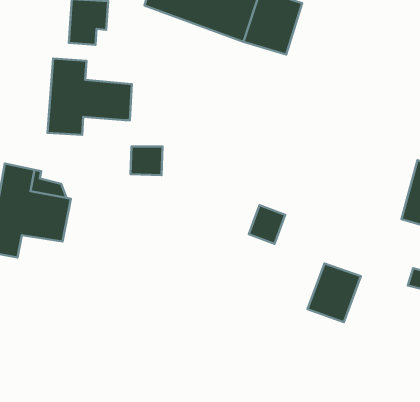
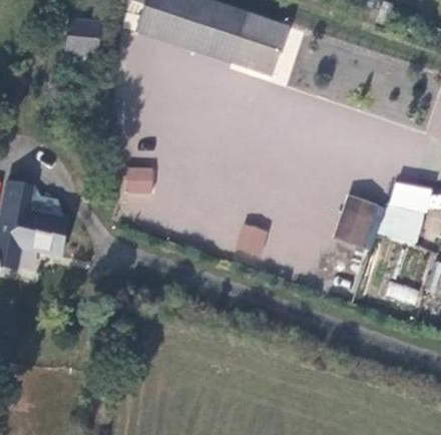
building: [47,58,132,135] -> none
building: [308,263,361,322] -> [334,192,384,248]

